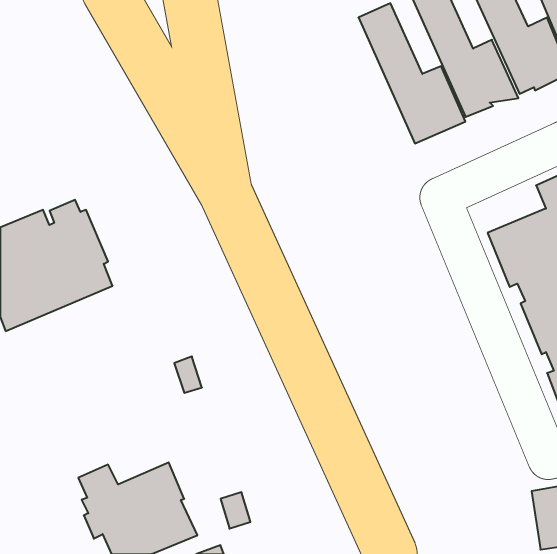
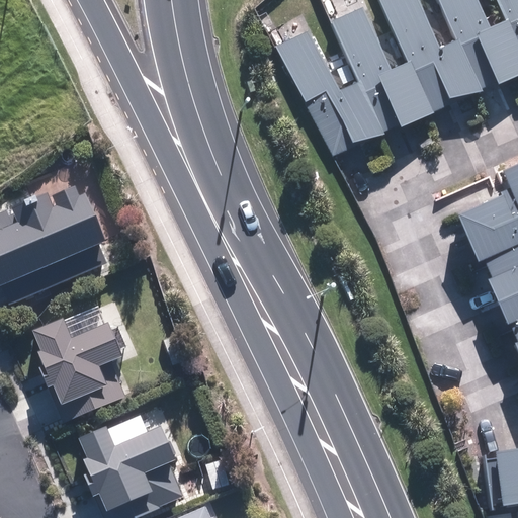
building: none -> [278,26,384,154]
building: none -> [31,317,128,418]

